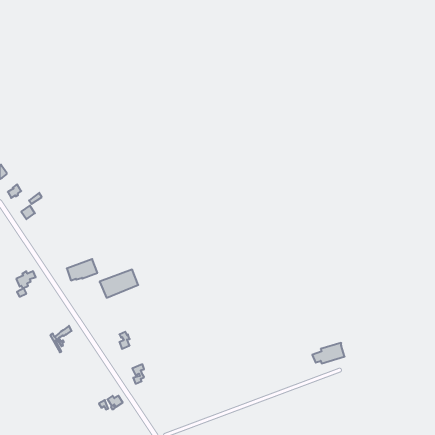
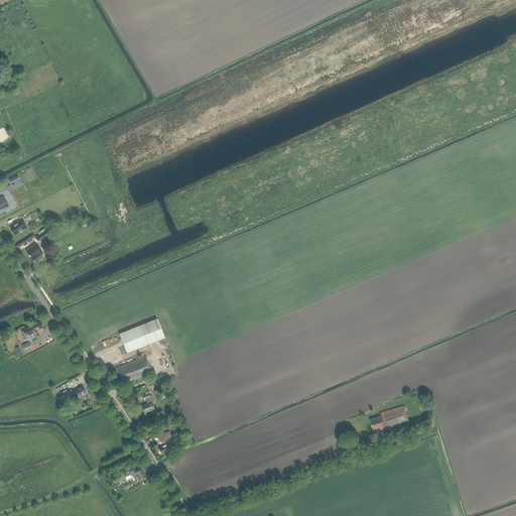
building: [67,259,97,280] -> [115,356,151,381]

